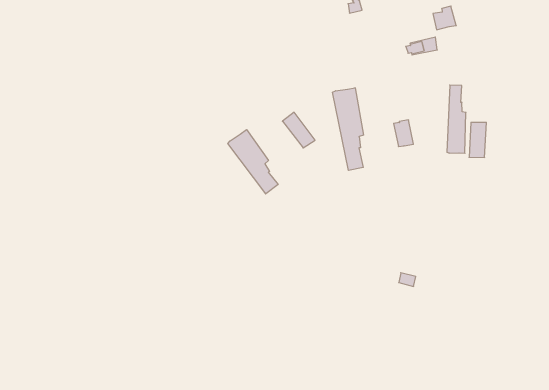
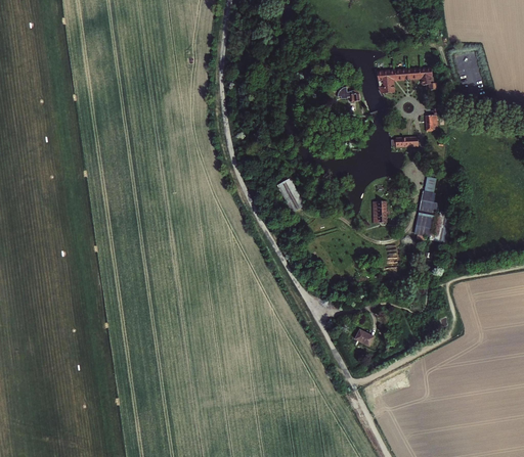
building: [333,88,364,170] -> none
building: [228,130,278,194] -> none

